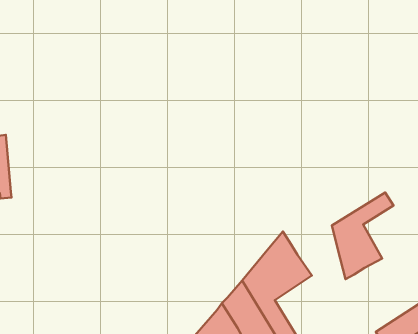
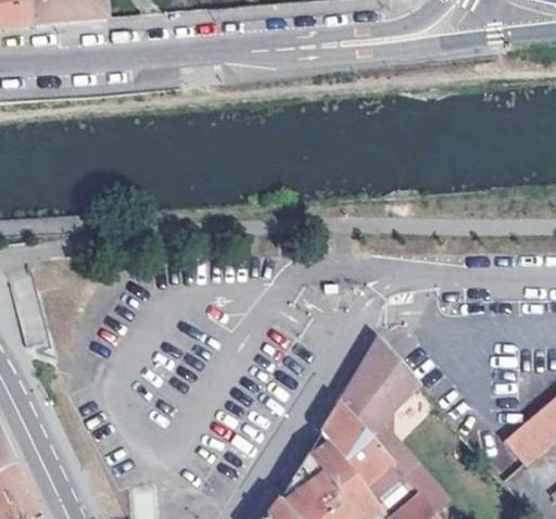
building: [332,193,394,279] -> none

